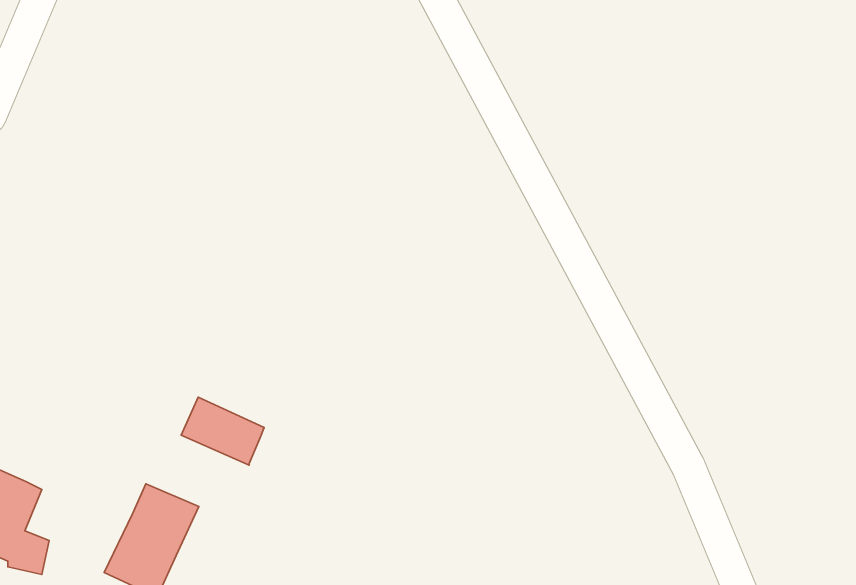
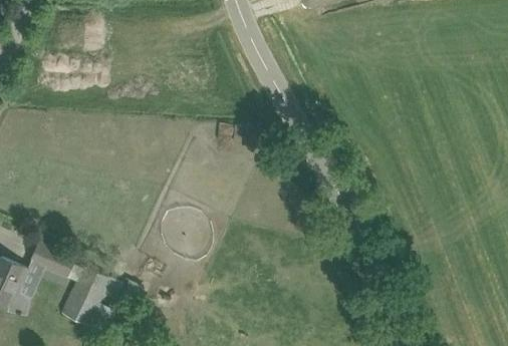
building: [181,397,264,465] -> [31,243,75,279]

